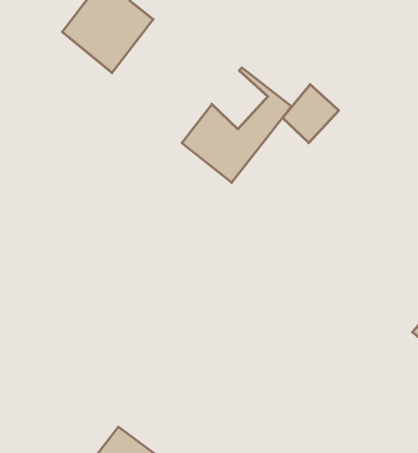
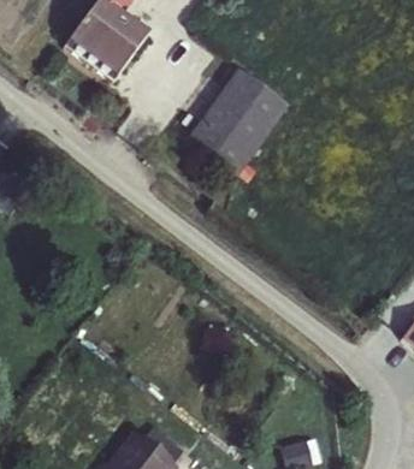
building: [283,84,339,143] -> [212,78,266,135]

